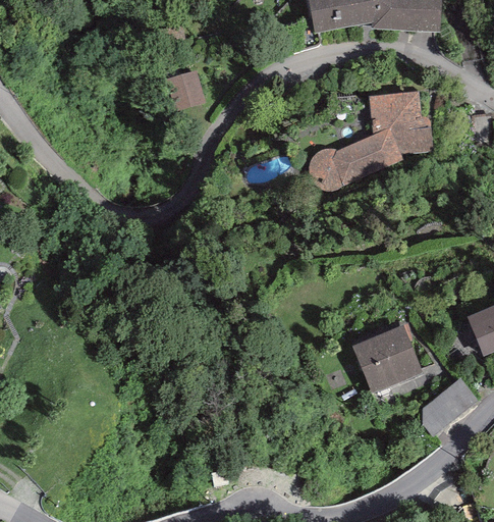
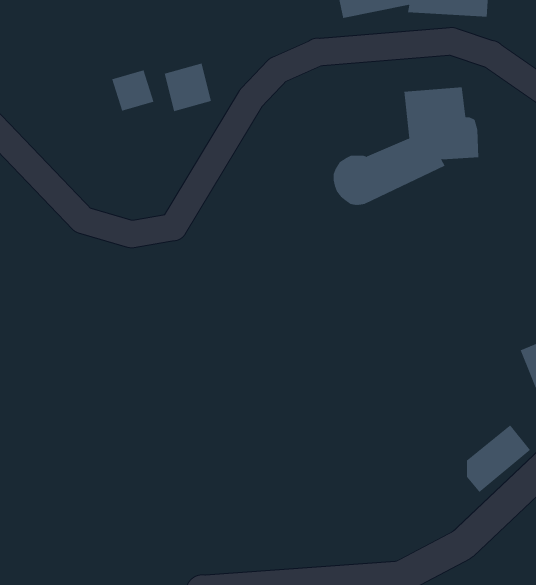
building: none -> [111,70,154,111]
building: [352,325,423,393] -> none

